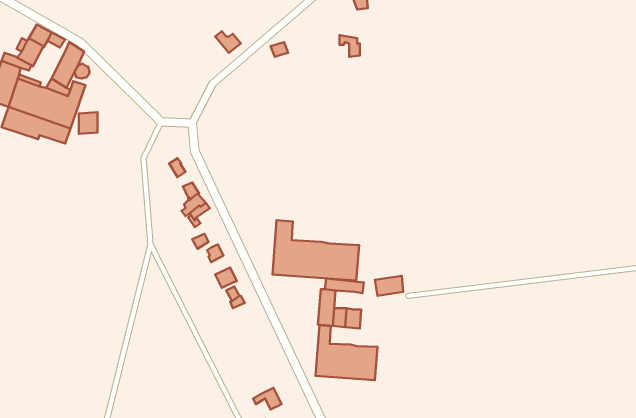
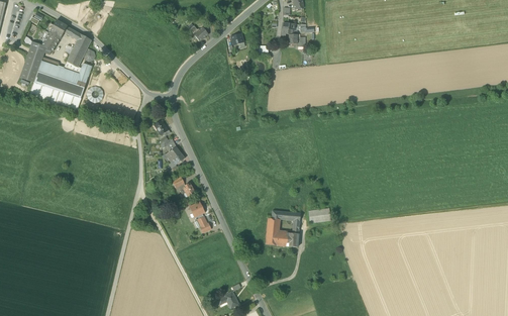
building: [272,220,359,281] -> none
building: [315,325,378,380] -> none

